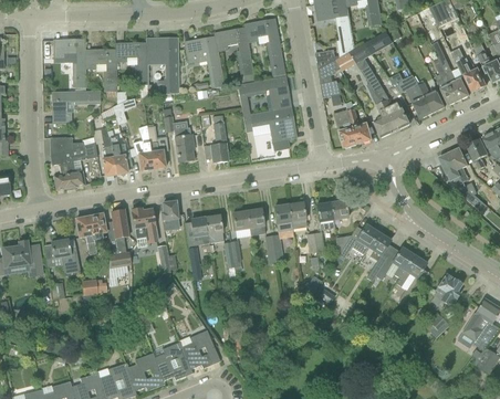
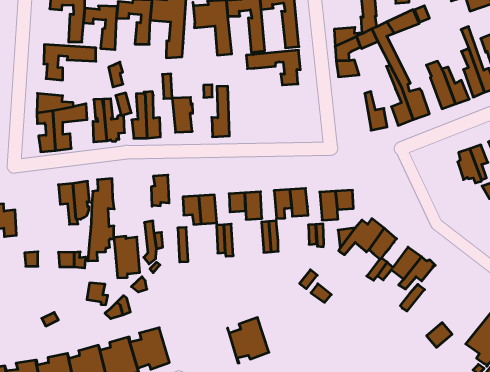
building: [242,105,296,149] -> none
building: [333,108,357,147] -> none
building: [131,207,157,245] -> [114,236,140,278]
building: [50,238,80,272] -> none
building: [434,272,461,305] -> none
building: [179,328,219,371] -> [228,318,269,363]

